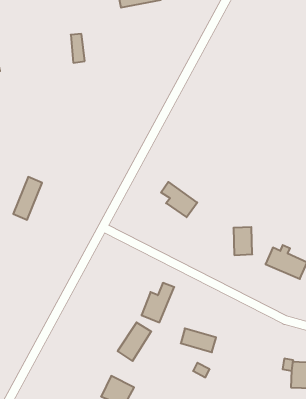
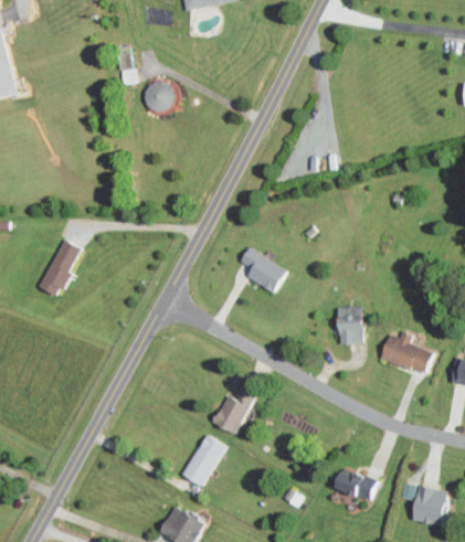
building: none -> [147,81,172,110]
building: [181,328,216,352] -> [331,468,379,500]

